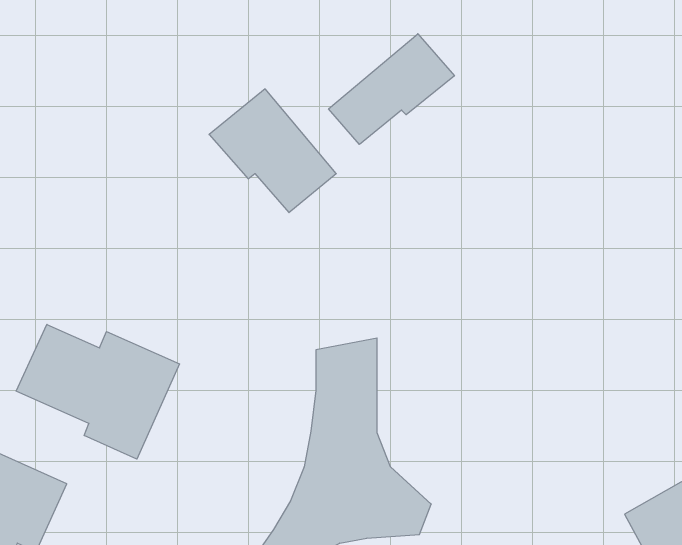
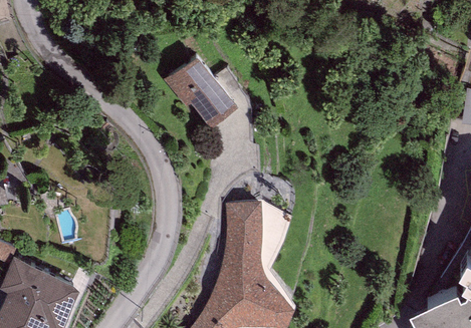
building: [329,34,454,144] -> none
building: [16,324,179,459] -> none

